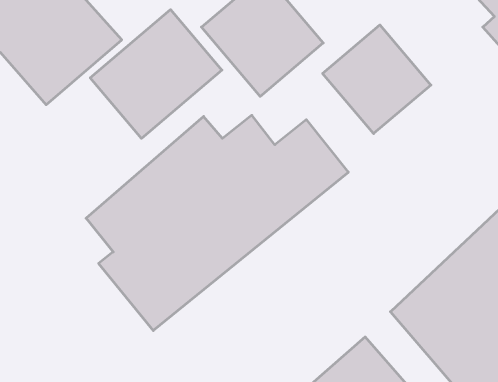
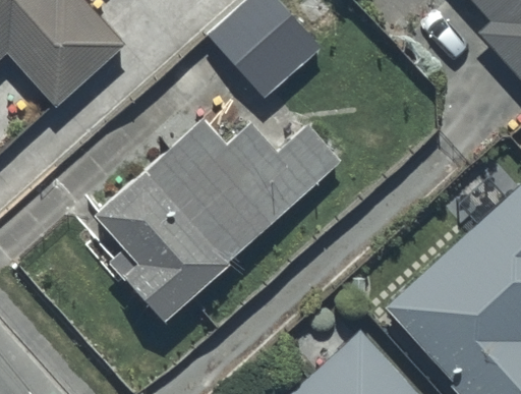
building: [90,10,222,138] -> none
building: [323,25,431,134] -> none

